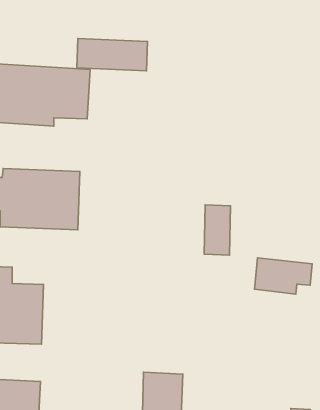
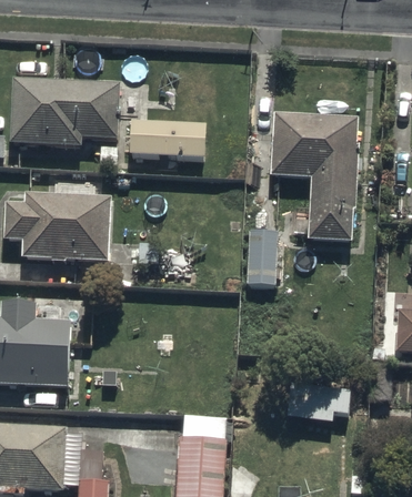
building: [77,38,148,71] -> [128,124,205,160]
building: none -> [270,112,358,241]
building: [254,258,312,294] -> [285,385,349,425]

